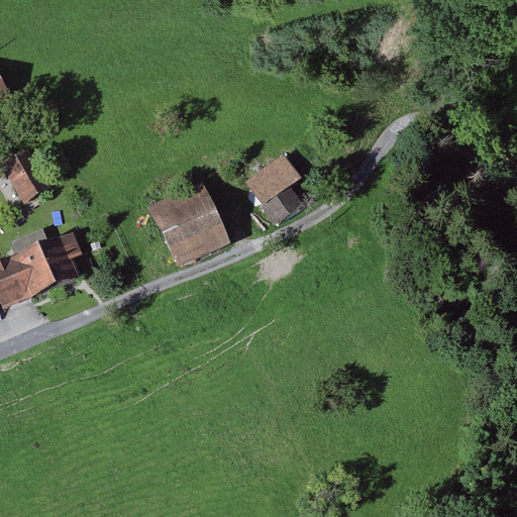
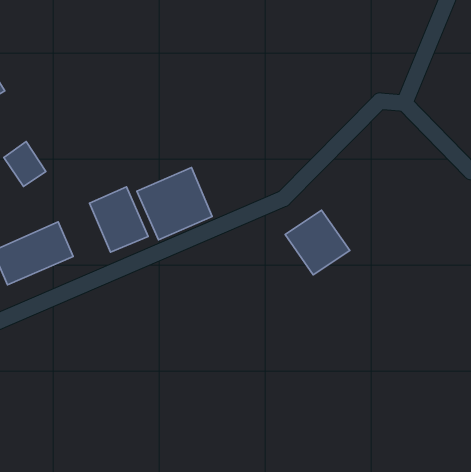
building: [237,149,307,219] -> [285,210,350,275]
building: none -> [90,187,148,252]

